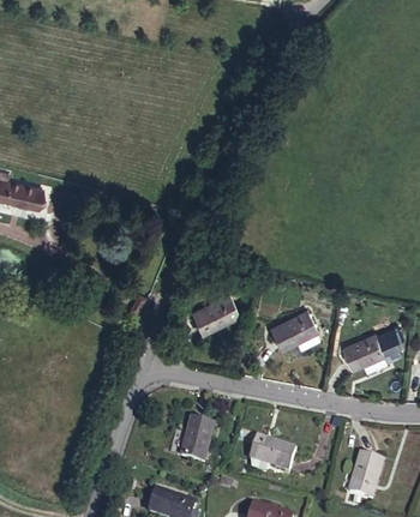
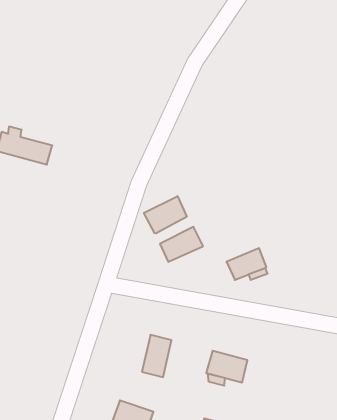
building: none -> [144,196,187,233]
building: [346,333,390,371] -> none
building: [350,449,385,498] -> none

